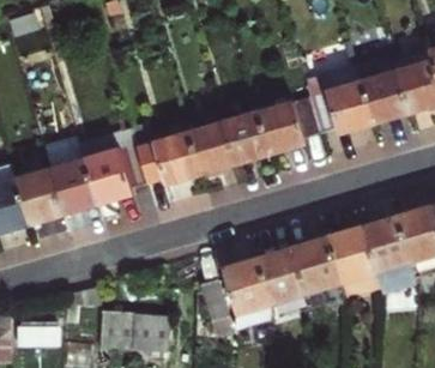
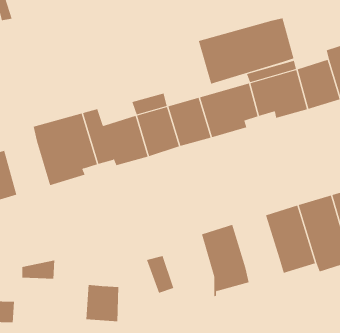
building: none -> [198,18,294,84]
building: [48,157,96,215] -> none
building: [291,236,340,292] -> none
building: [223,257,271,330] -> none
building: [99,309,137,348] -> none

